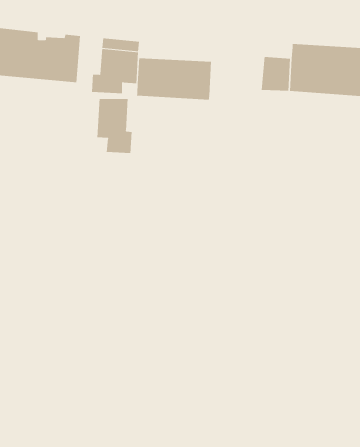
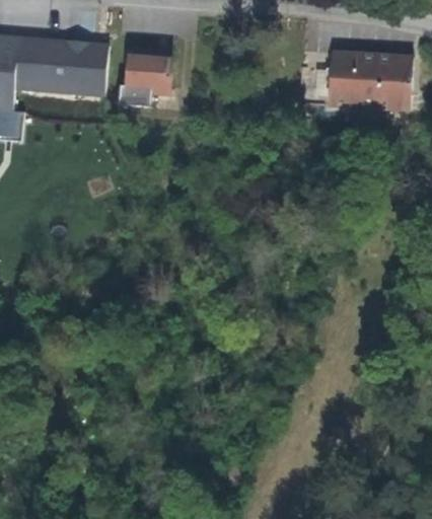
building: [136,58,212,100] -> none
building: [97,98,132,154] -> none

